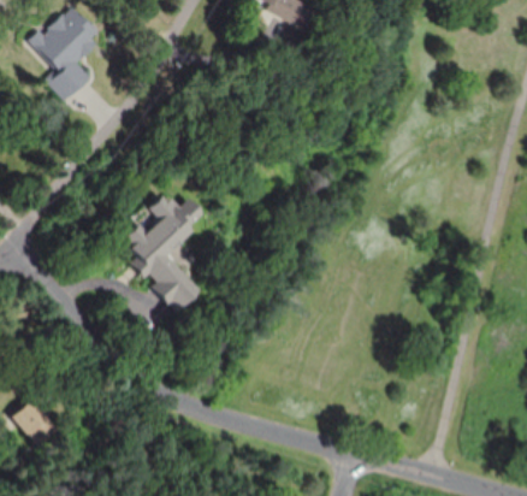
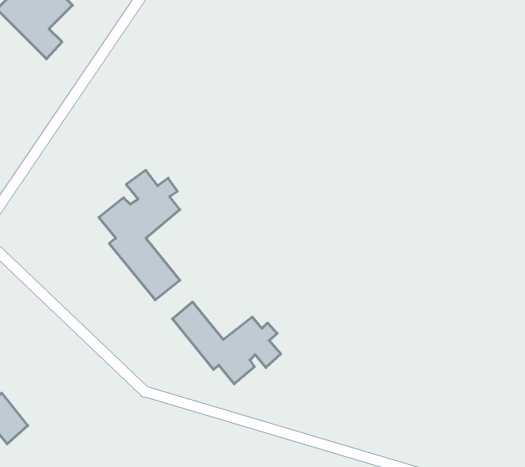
building: none -> [172,302,281,384]

